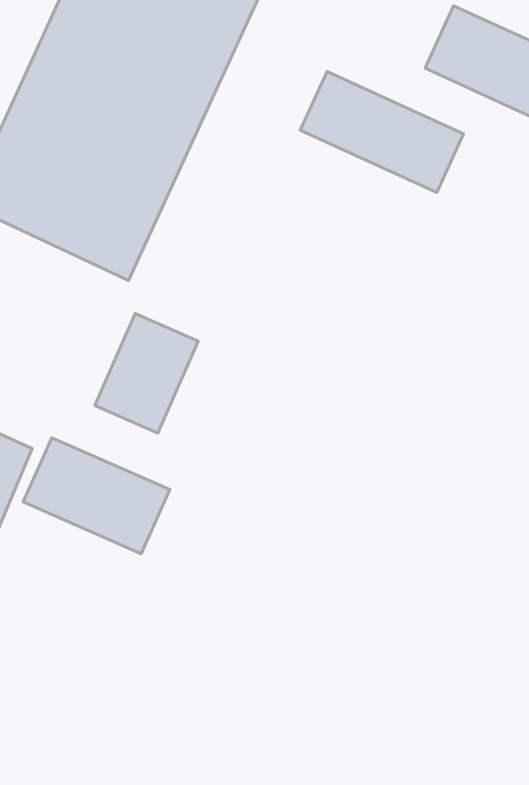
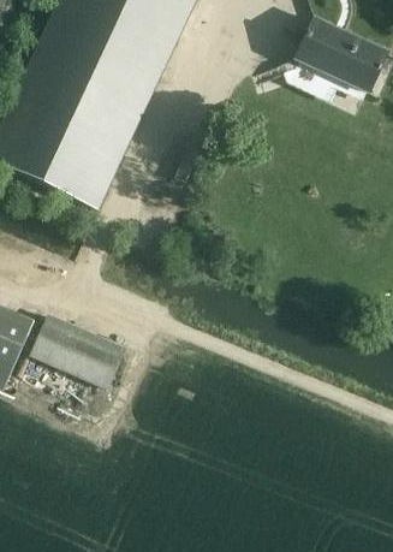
building: [300,71,464,192] -> none
building: [95,314,198,433] -> none

